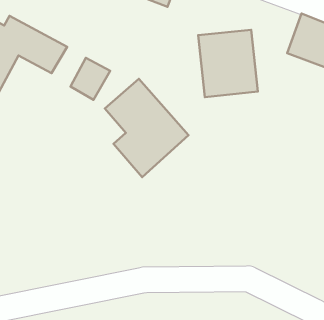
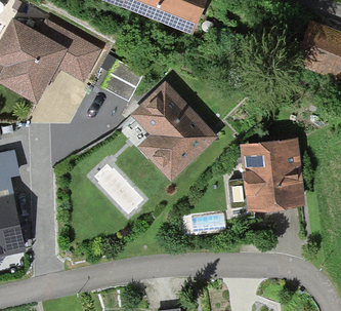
building: [198,30,258,97] -> [244,140,299,202]

